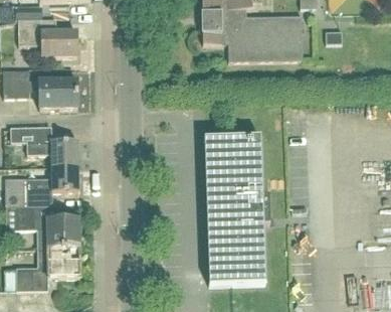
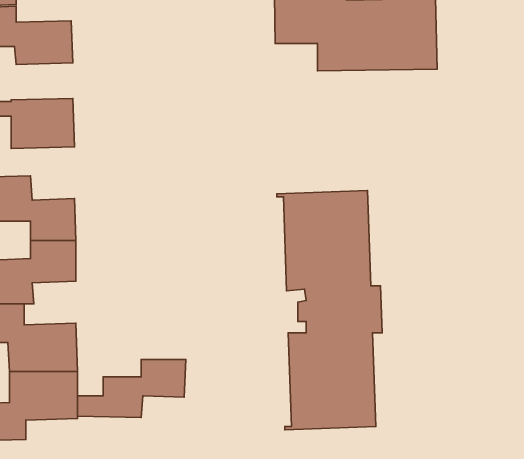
building: none -> [78,359,186,417]

